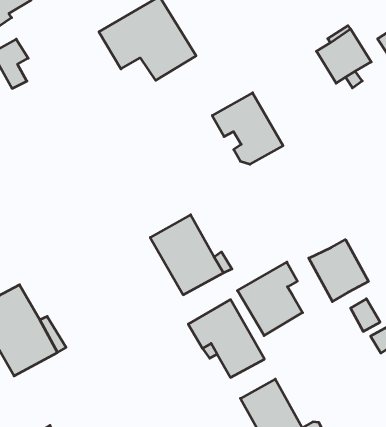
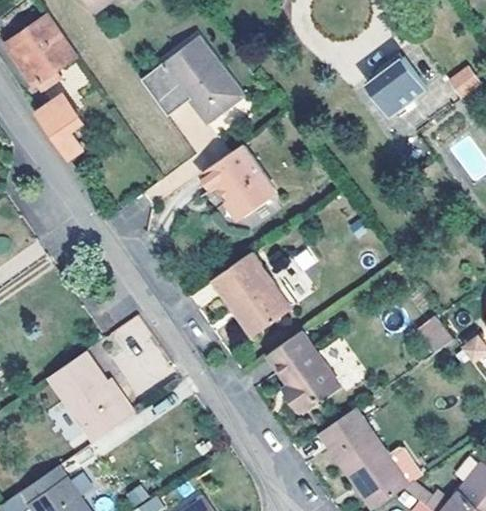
building: [212,93,283,164] -> [206,142,280,214]
building: [309,240,368,302] -> none
building: [237,262,303,336] -> none

